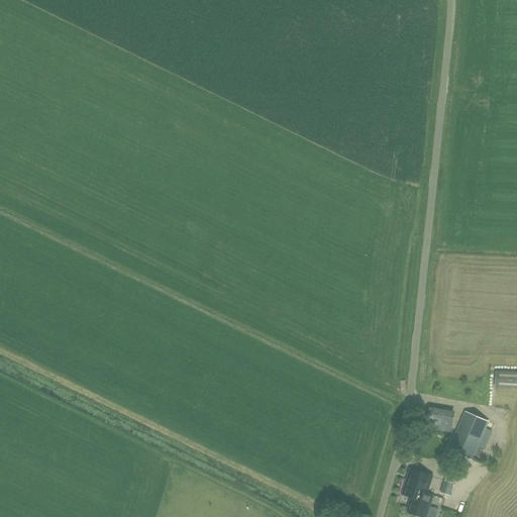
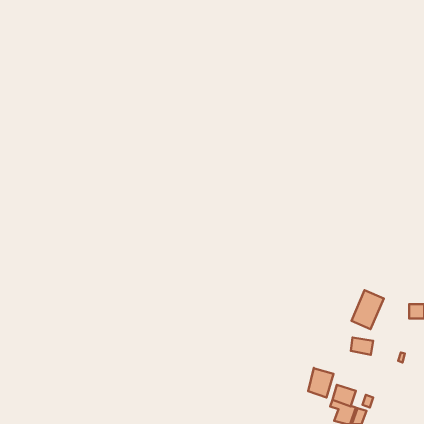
building: [448,411,488,458] -> [351,290,384,329]
building: none -> [308,368,334,397]

